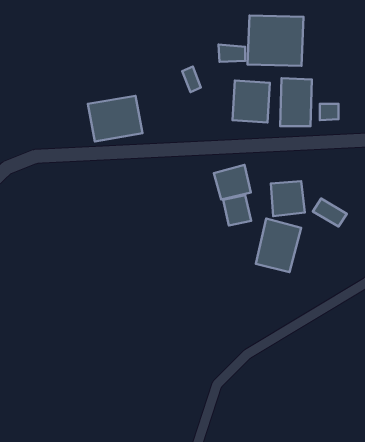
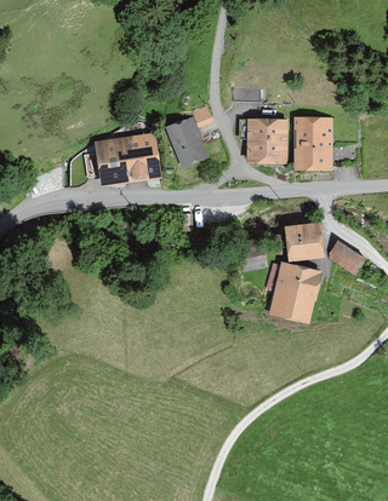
building: [248,15,303,66] -> none
building: none -> [170,123,205,163]
building: [214,165,251,199] -> none

